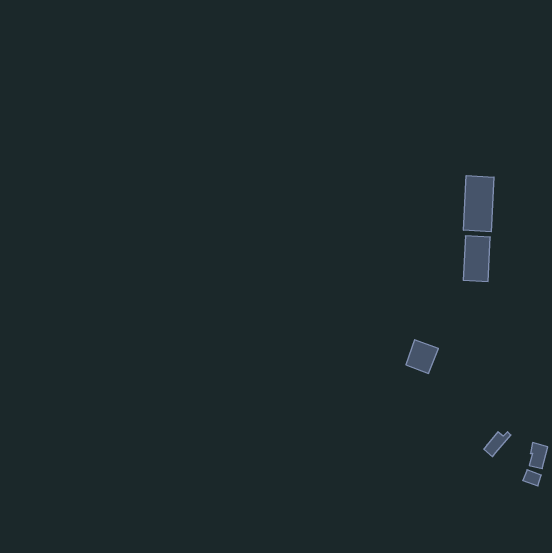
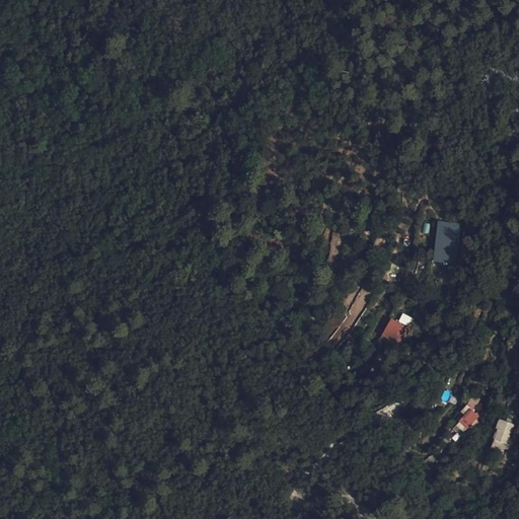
building: [464,176,494,232] -> none

